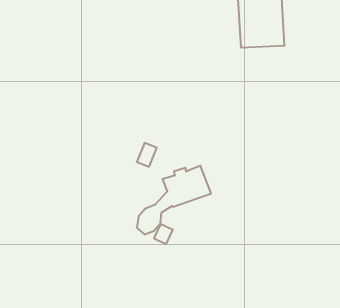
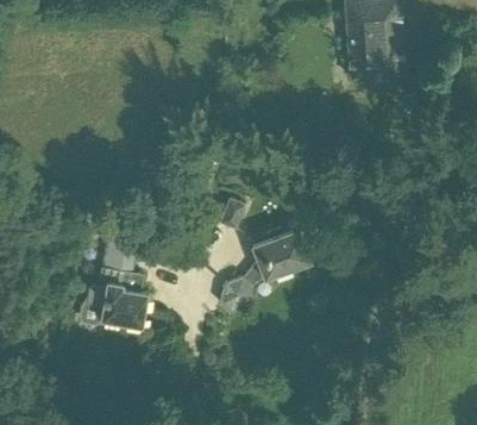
building: none -> [79,239,148,329]

